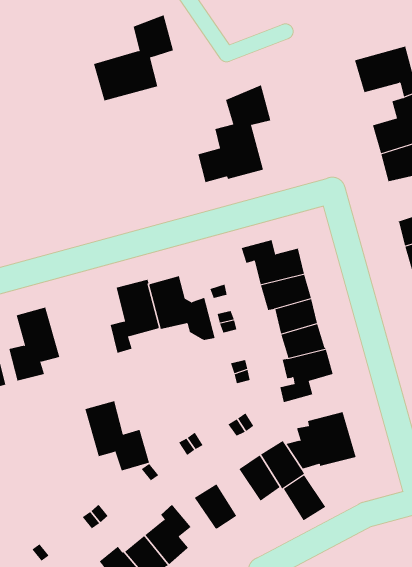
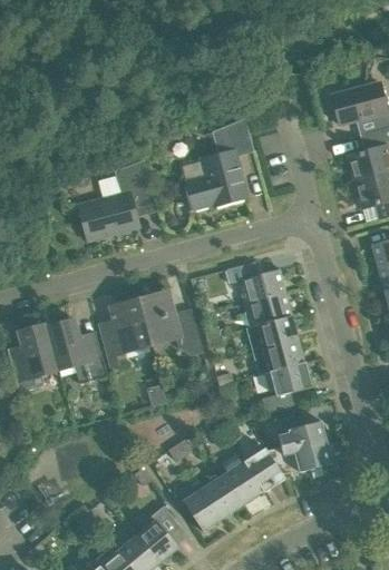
building: [93,14,174,101] -> [78,159,153,239]
building: [84,400,150,471] -> [46,317,107,383]
building: [283,474,326,521] -> [204,473,244,517]

